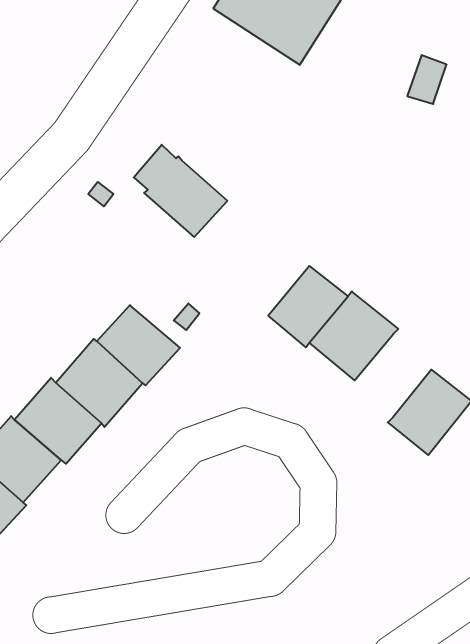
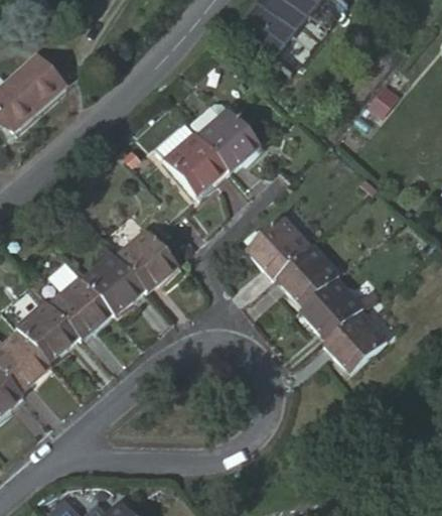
building: none -> [189,102,257,169]
building: none -> [299,276,360,337]

